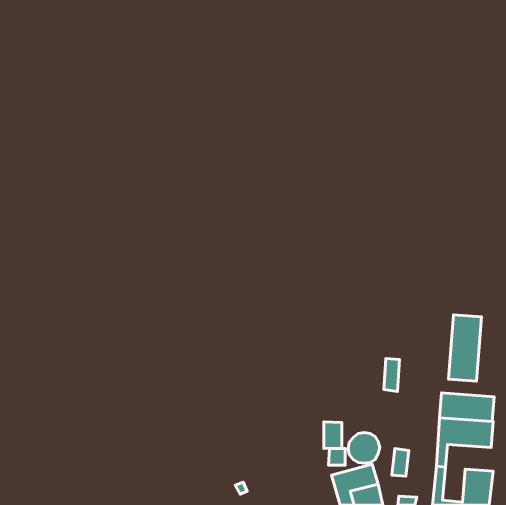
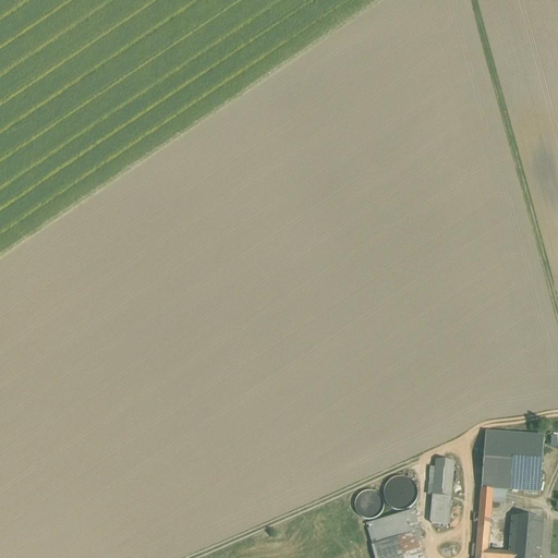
building: [449,315,481,381] -> none
building: [384,359,400,391] -> [434,459,451,495]
building: [324,422,342,449] -> none

